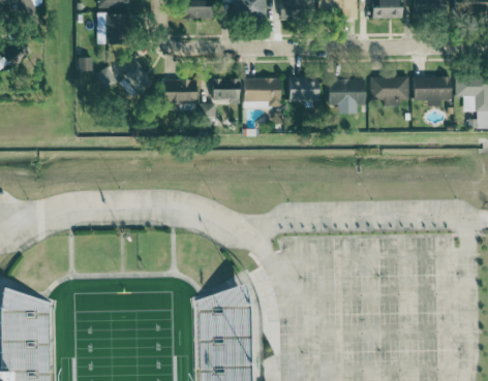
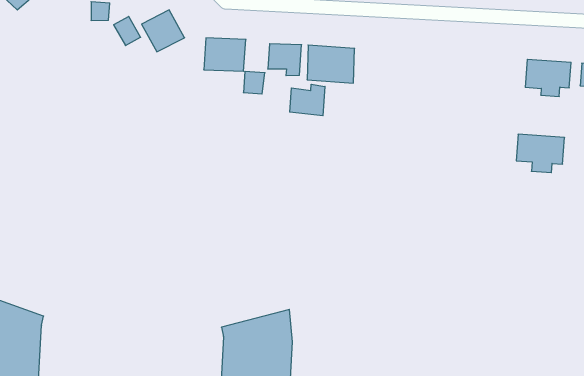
building: [289,77,319,100] -> none
building: [372,77,408,105] -> [516,134,565,173]
building: [330,78,366,110] -> none
building: none -> [290,84,325,116]

